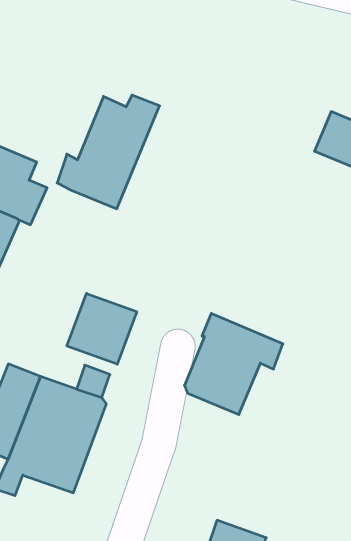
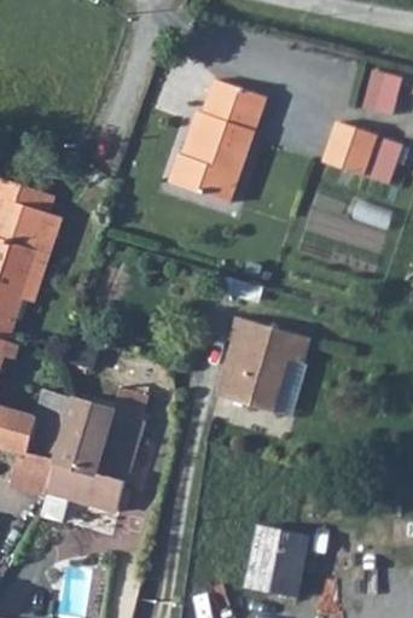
building: [57,95,160,209] -> [171,87,266,199]
building: [67,293,137,364] -> none

